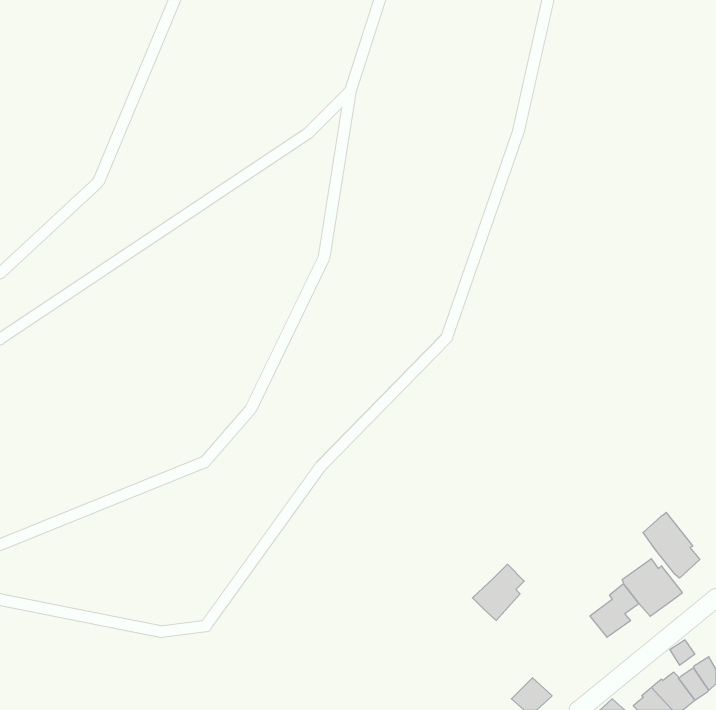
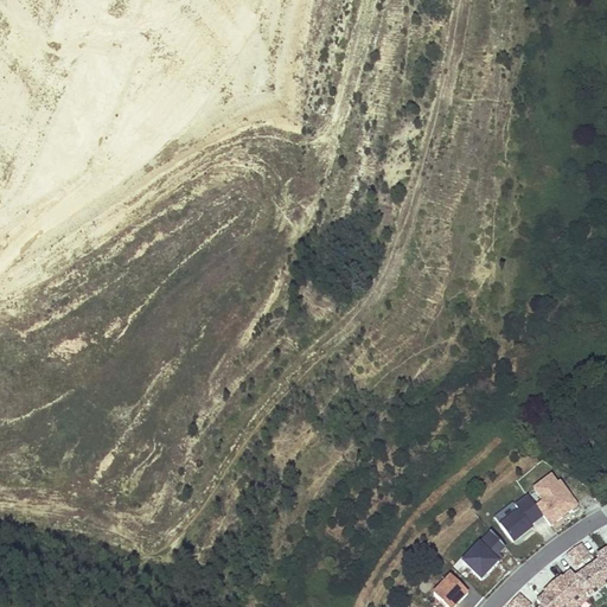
building: [643,512,700,578] -> none
building: [472,564,524,620] -> [461,530,505,577]

